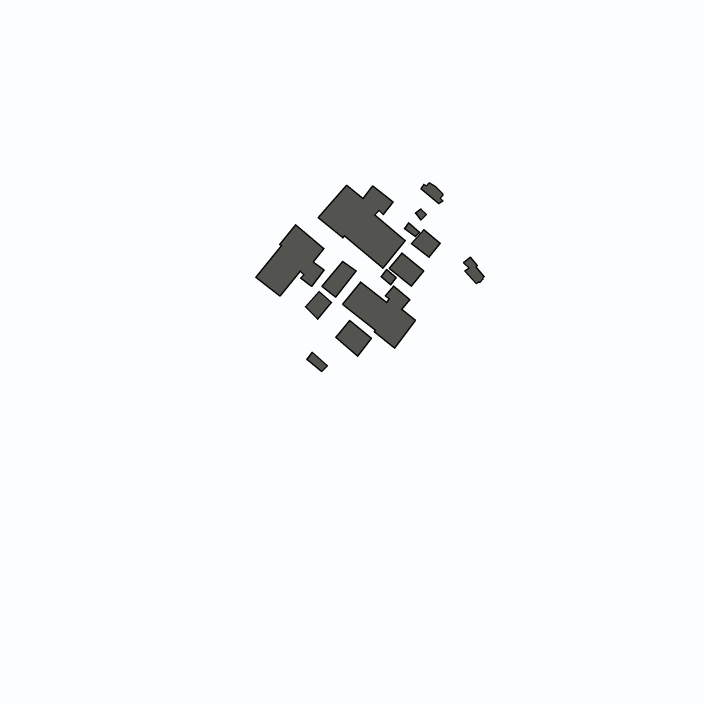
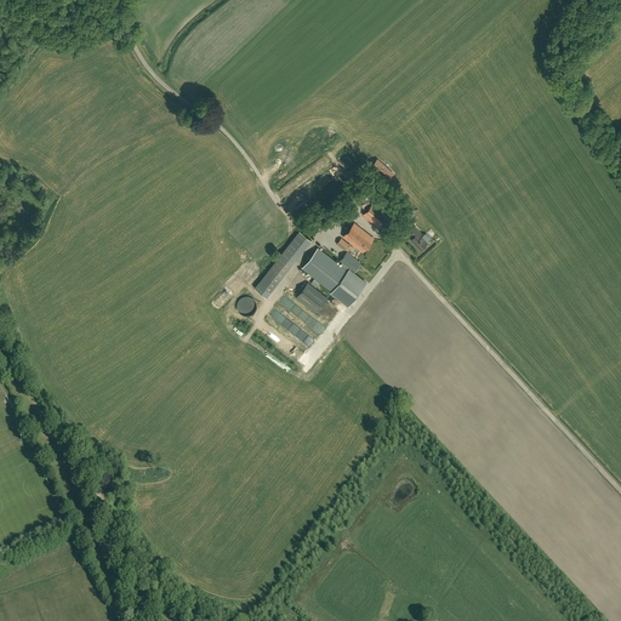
building: [318,185,405,268] -> none
building: [256,225,324,296] -> none

